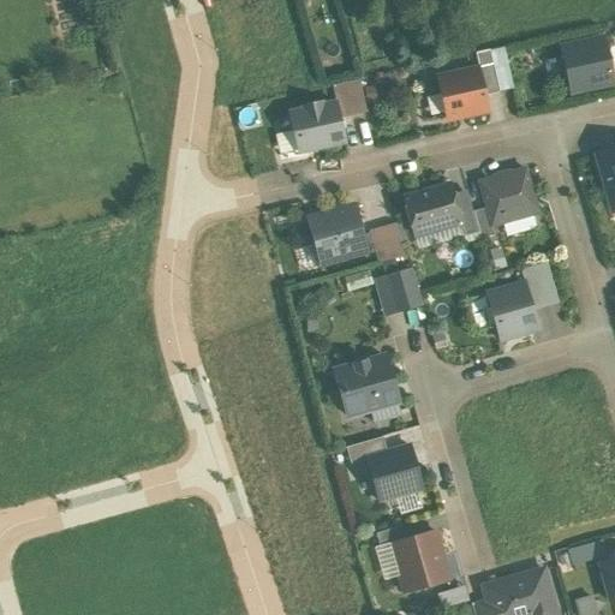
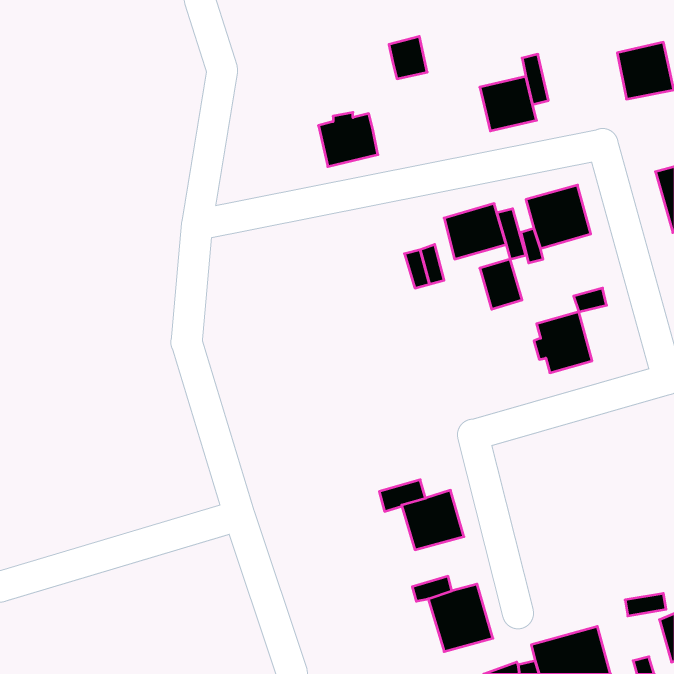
building: [333,79,368,118] -> [389,36,427,79]
building: [308,205,368,264] -> none
building: [384,268,423,314] -> [480,259,522,309]
building: [335,356,398,417] -> none

